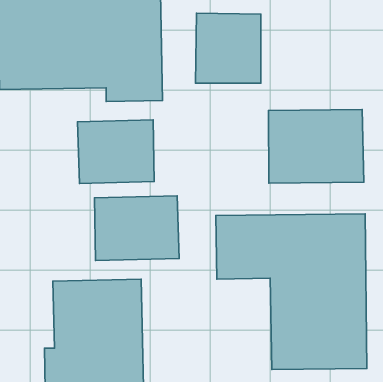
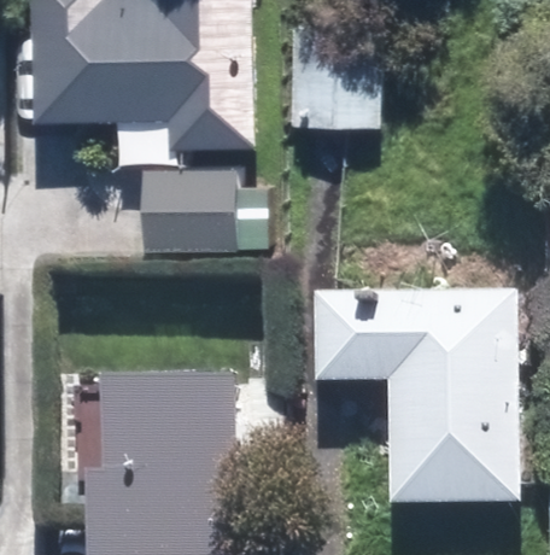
building: [268,109,364,183] -> none
building: [94,196,179,261] -> none

